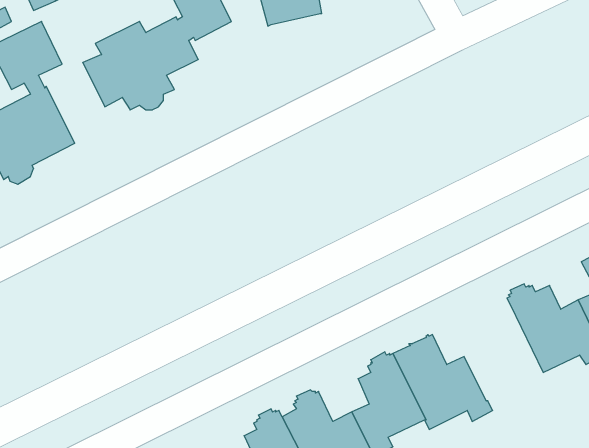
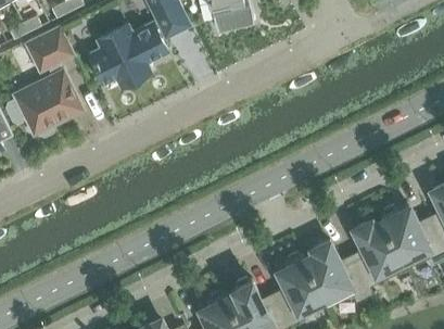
building: none -> [350,220,404,287]

